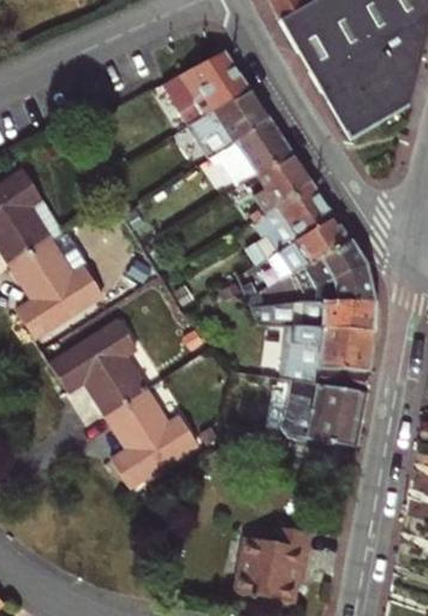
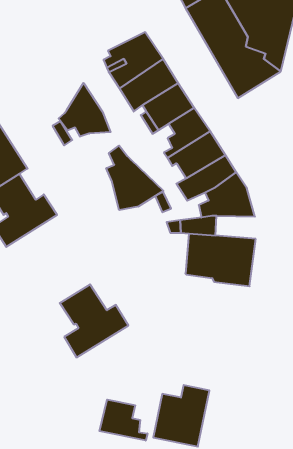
building: none -> [59,83,111,137]
building: none -> [106,146,163,210]
building: [316,296,370,327] -> none
building: [50,320,147,414] -> none
building: [269,375,362,466] -> none
building: none -> [99,400,147,441]

